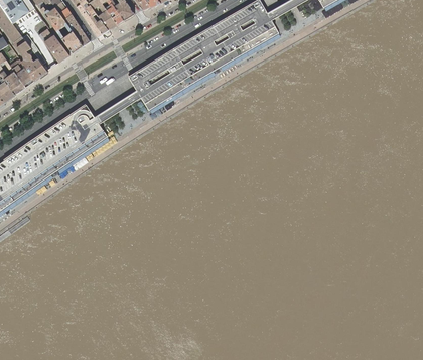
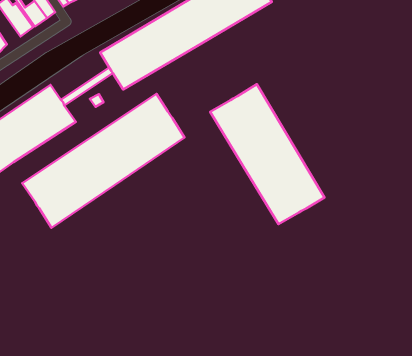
building: none -> [210,84,325,224]
building: none -> [22,94,185,228]

